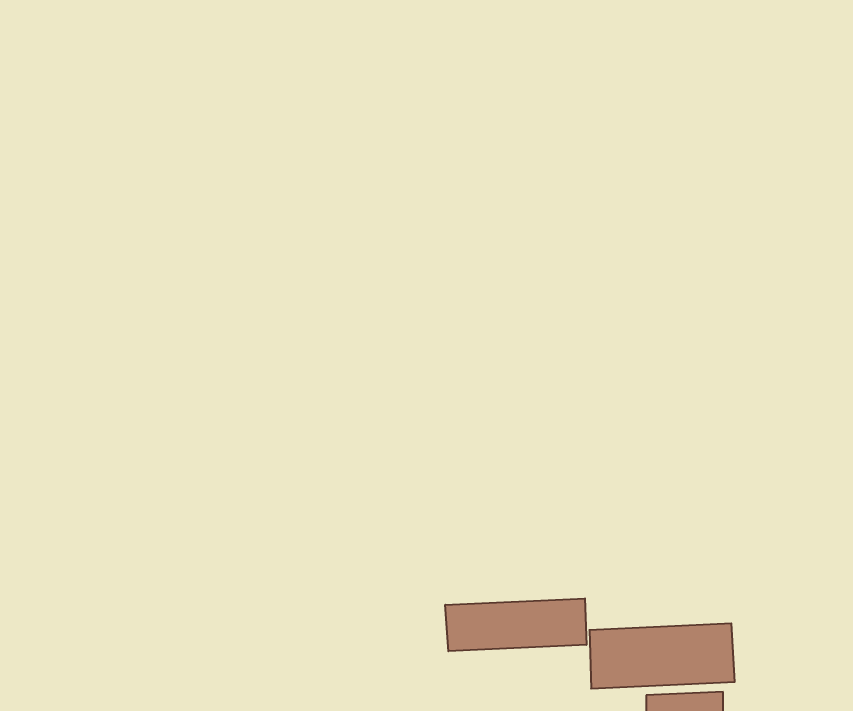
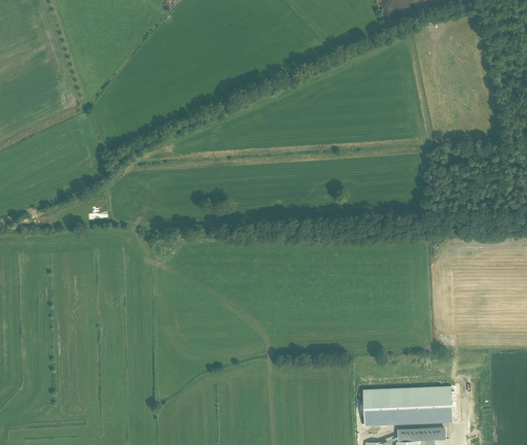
building: [445,598,586,651] -> none

